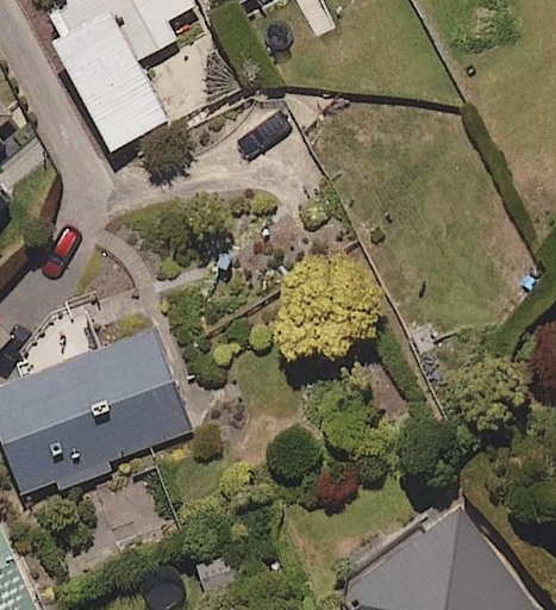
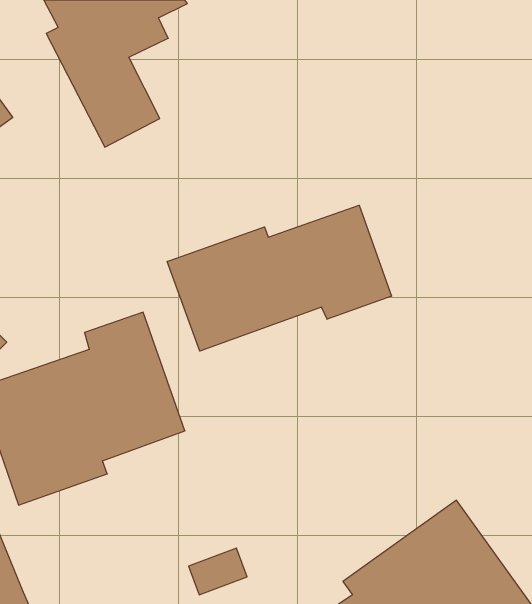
building: none -> [167,205,391,351]

